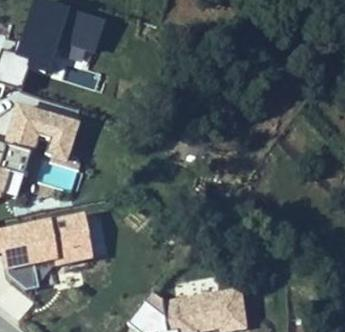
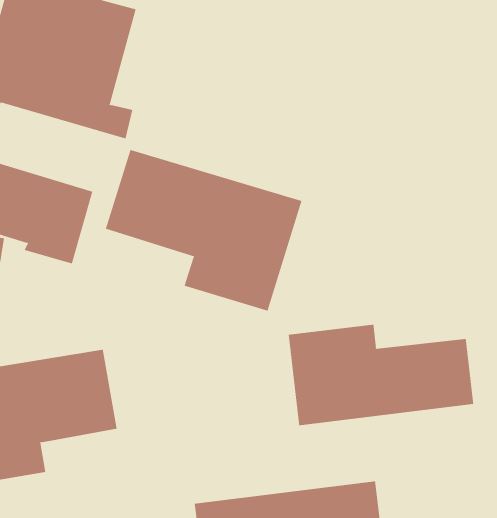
building: none -> [105,149,302,312]
building: none -> [288,324,474,426]

